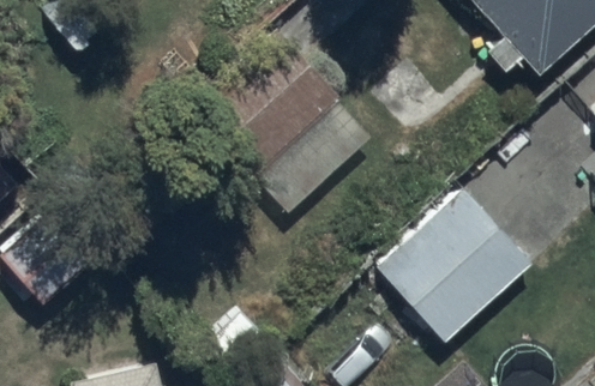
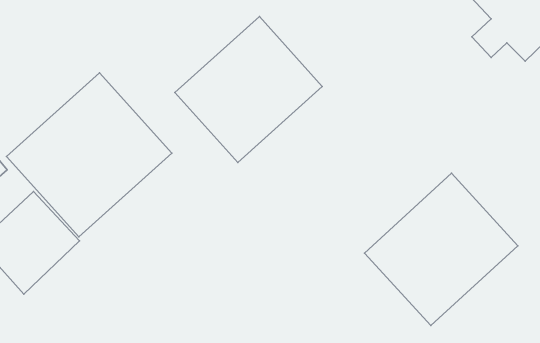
building: none -> [7,73,172,237]

